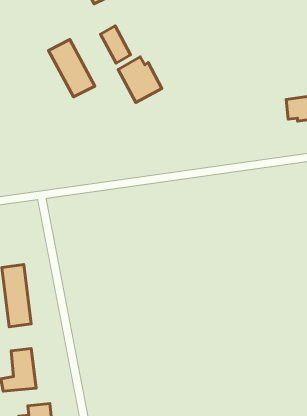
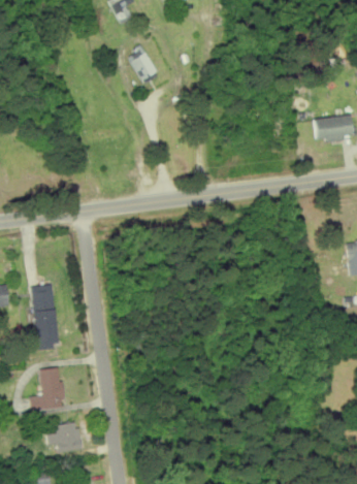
building: [49,40,95,97] -> none
building: [118,57,162,103] -> none

